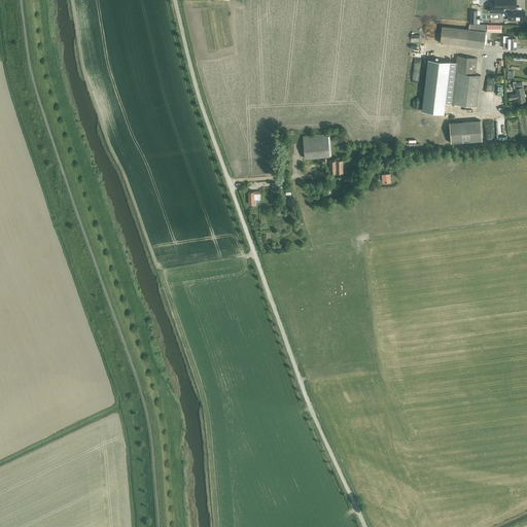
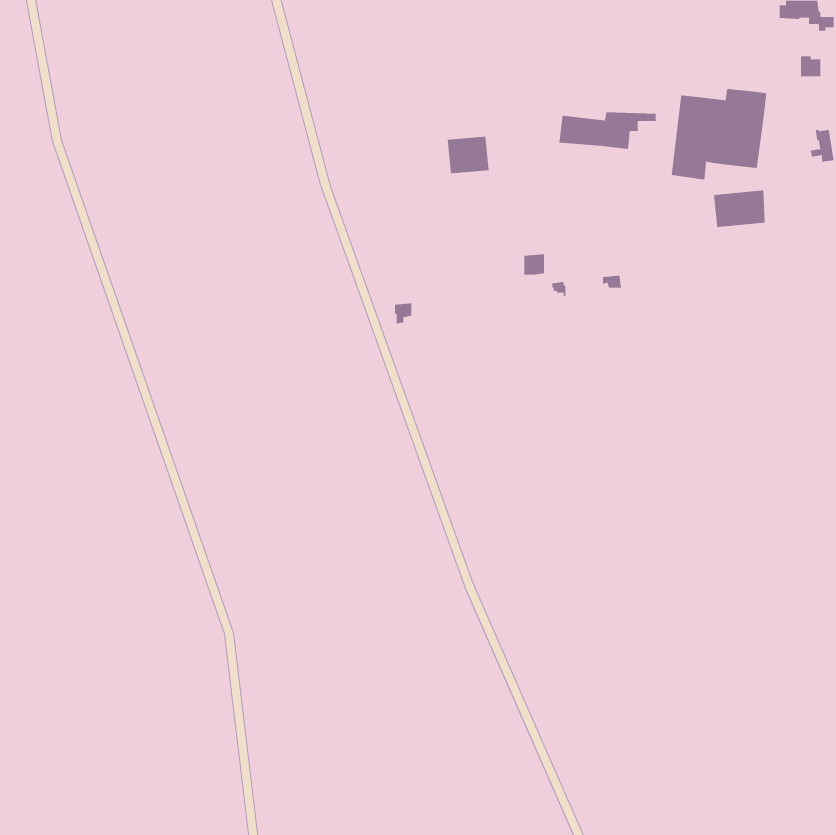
building: [440,25,501,48] -> [558,112,657,149]
building: [303,135,329,159] -> [447,136,489,174]

